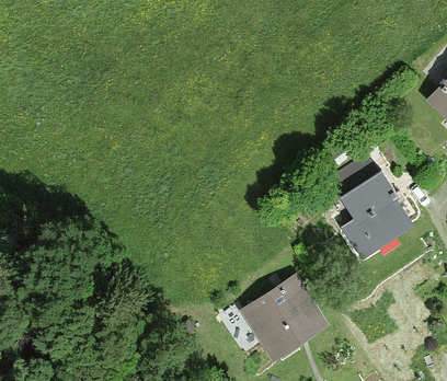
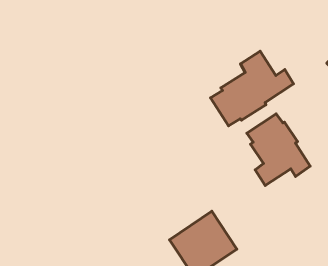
building: none -> [211,51,293,126]

